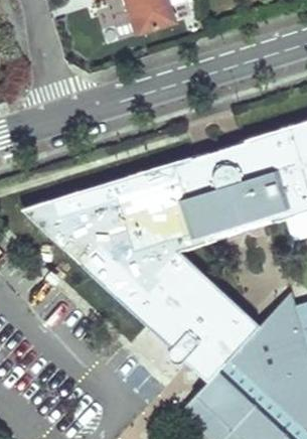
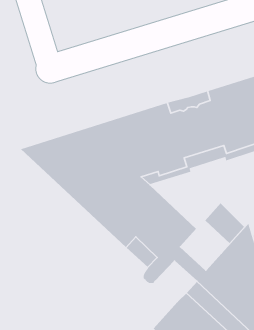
building: [210,299,256,345] -> [204,203,245,244]
building: [182,335,228,381] -> none

